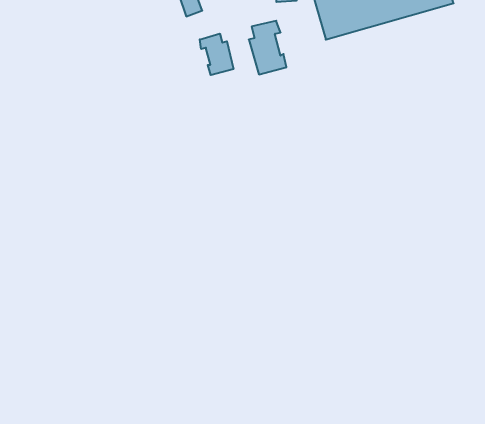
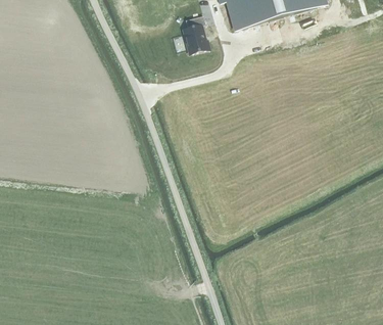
building: [200,34,233,75] -> none

